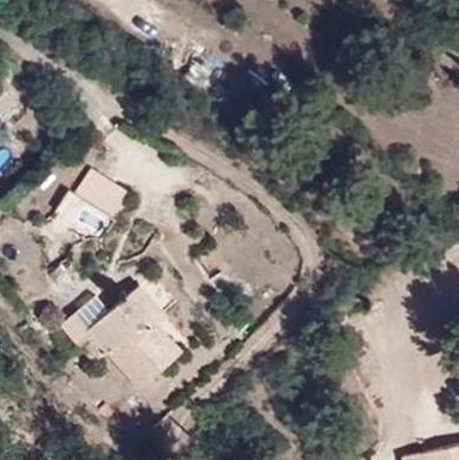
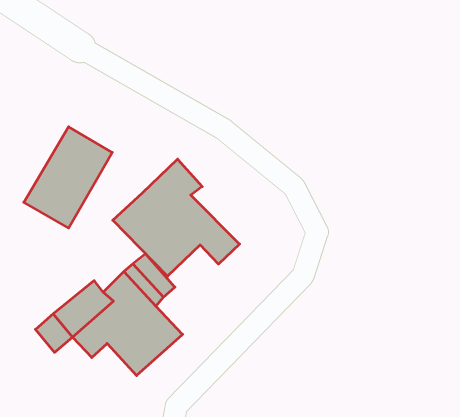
building: none -> [113,159,240,276]

